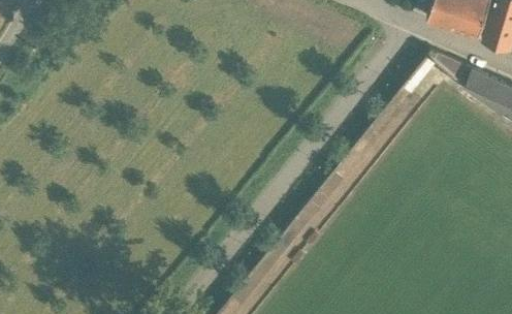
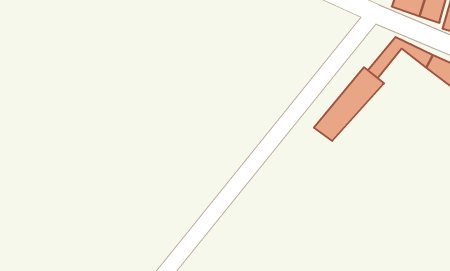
building: none -> [314,67,384,141]

